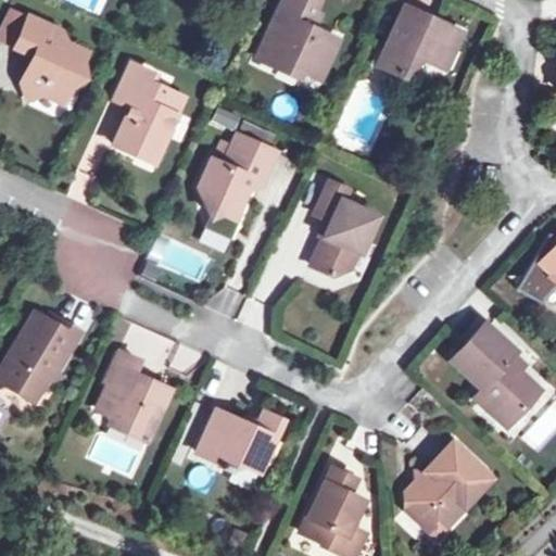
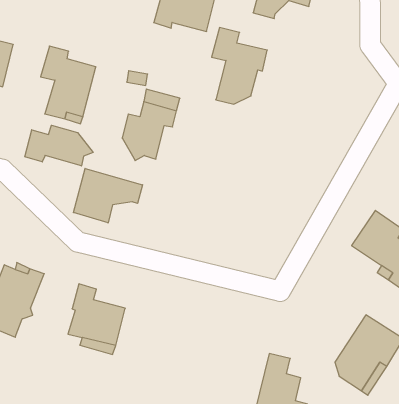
building: none -> [25,125,93,166]
building: [306,176,377,269] -> [212,28,267,104]
building: none -> [73,168,143,223]
building: [198,409,280,470] -> none

